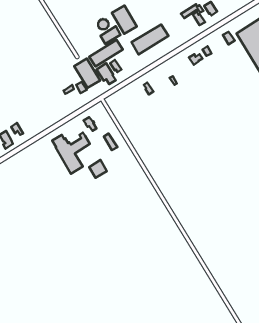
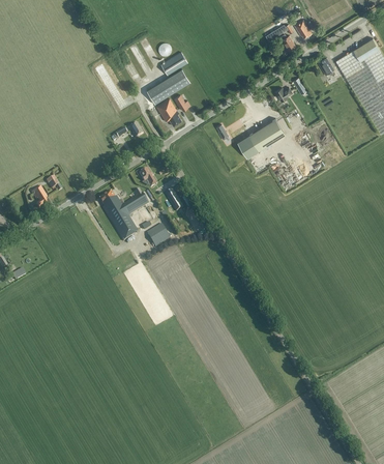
building: [112,6,137,34] -> none
building: [131,25,168,54] -> [237,118,285,156]
building: [74,59,100,88] -> none

